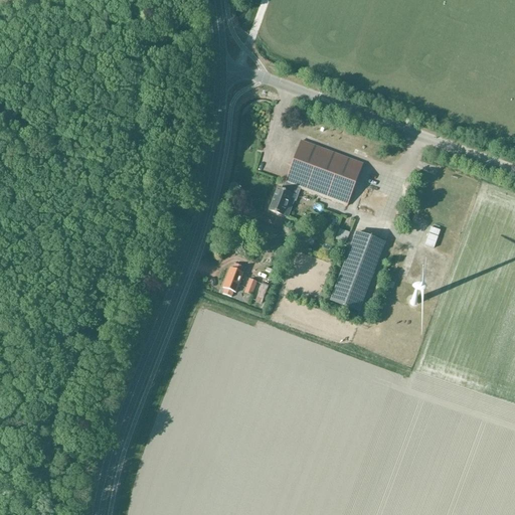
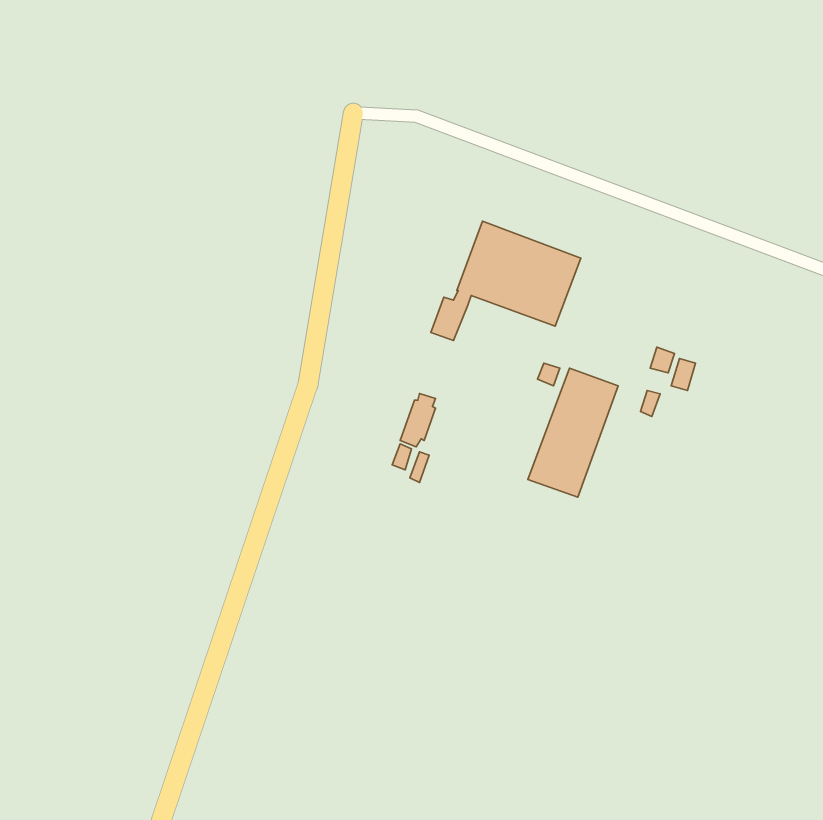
building: [222,262,244,295] -> [400,394,436,447]

